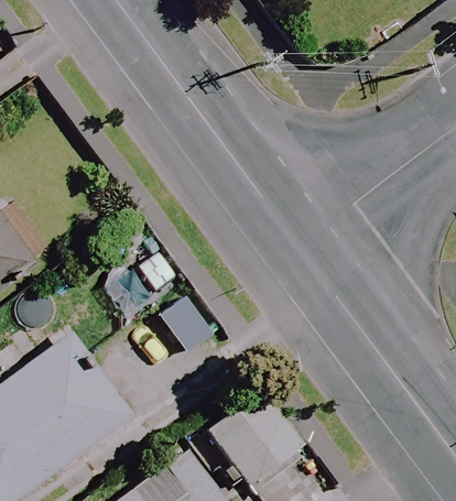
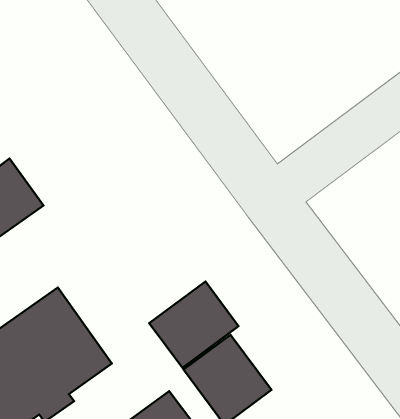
building: none -> [149,282,239,368]

